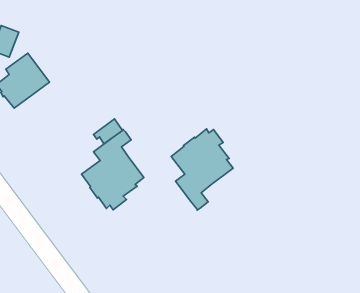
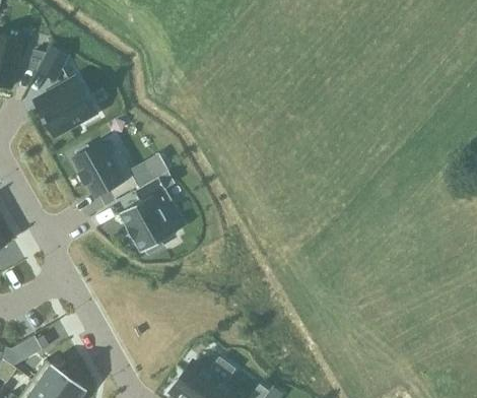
building: none -> [73,142,137,199]
building: [171,129,233,210] -> none

